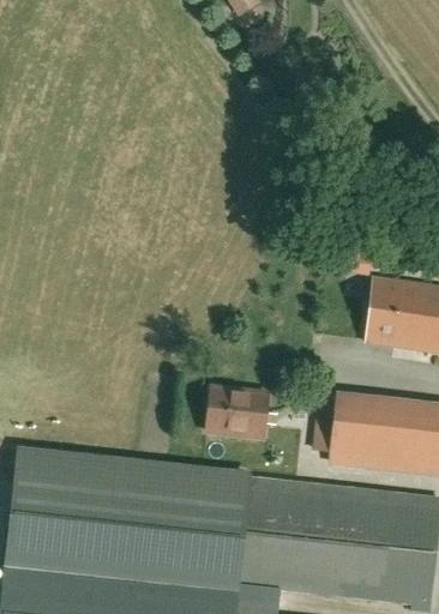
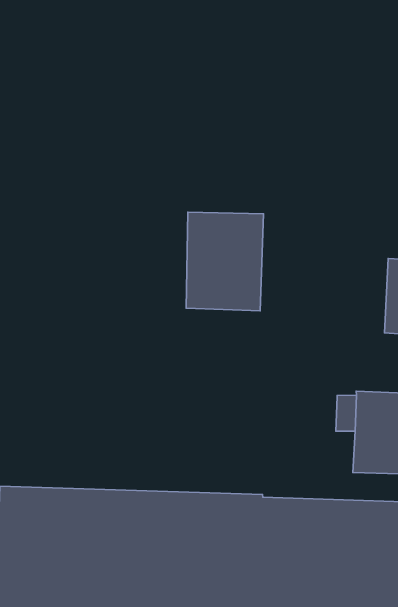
building: none -> [186,212,263,311]
building: [206,386,269,437] -> none

